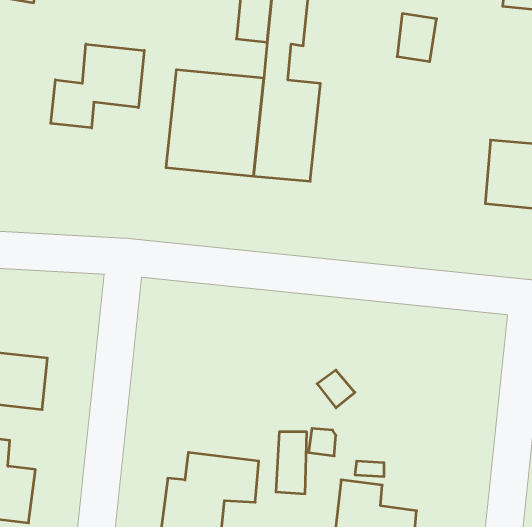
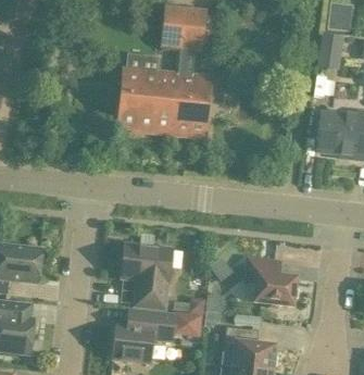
building: [397,14,437,62] -> [317,38,342,68]
building: [51,44,144,128] -> none
building: none -> [121,243,172,309]
building: none -> [244,258,296,305]

